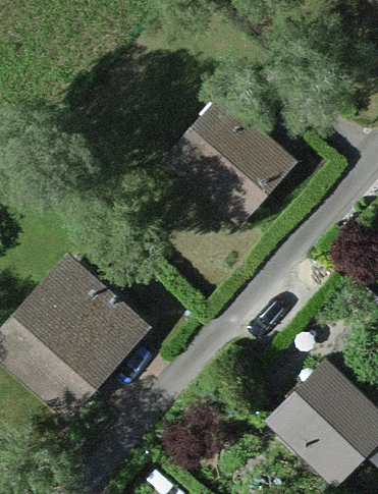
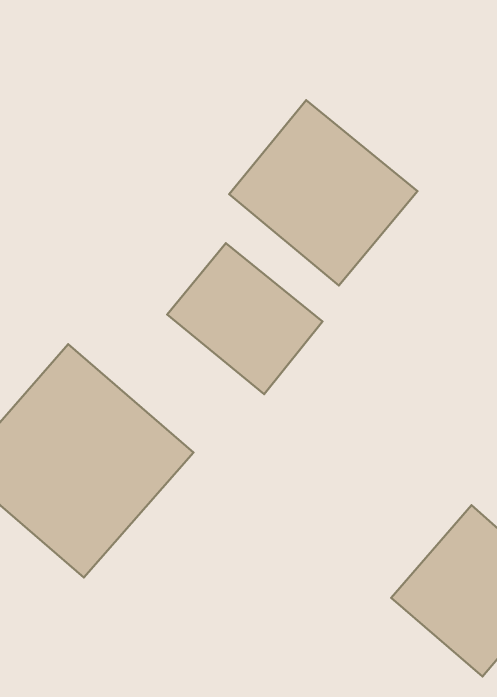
building: none -> [167,243,322,394]

